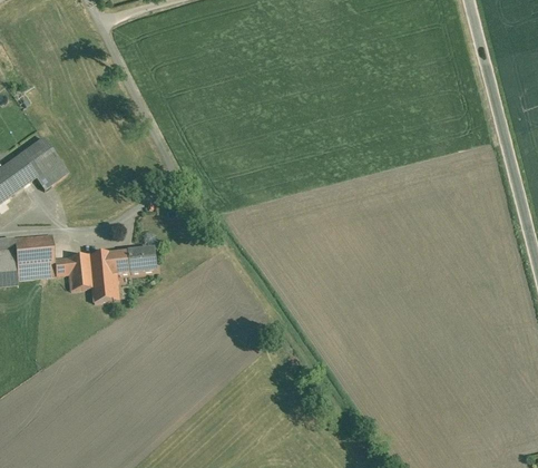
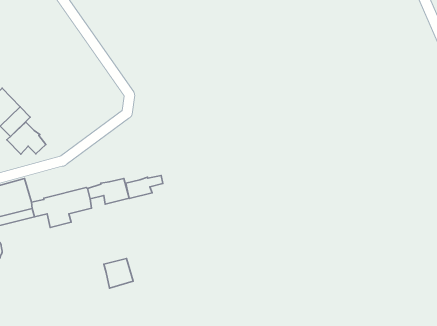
building: none -> [7,122,46,154]
building: none -> [126,176,163,198]
building: [91,275,119,303] -> [104,258,133,288]

